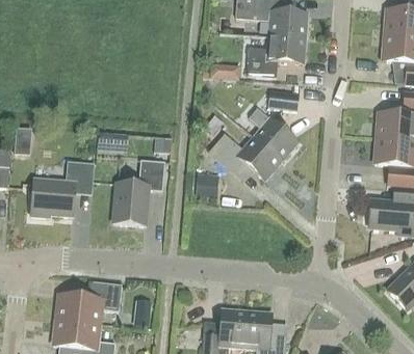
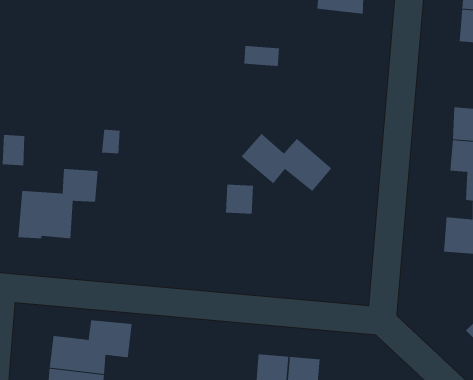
building: [247,34,306,77] -> none
building: [268,89,300,111] -> none
building: [249,107,297,161] -> none
building: [113,160,164,225] -> none

